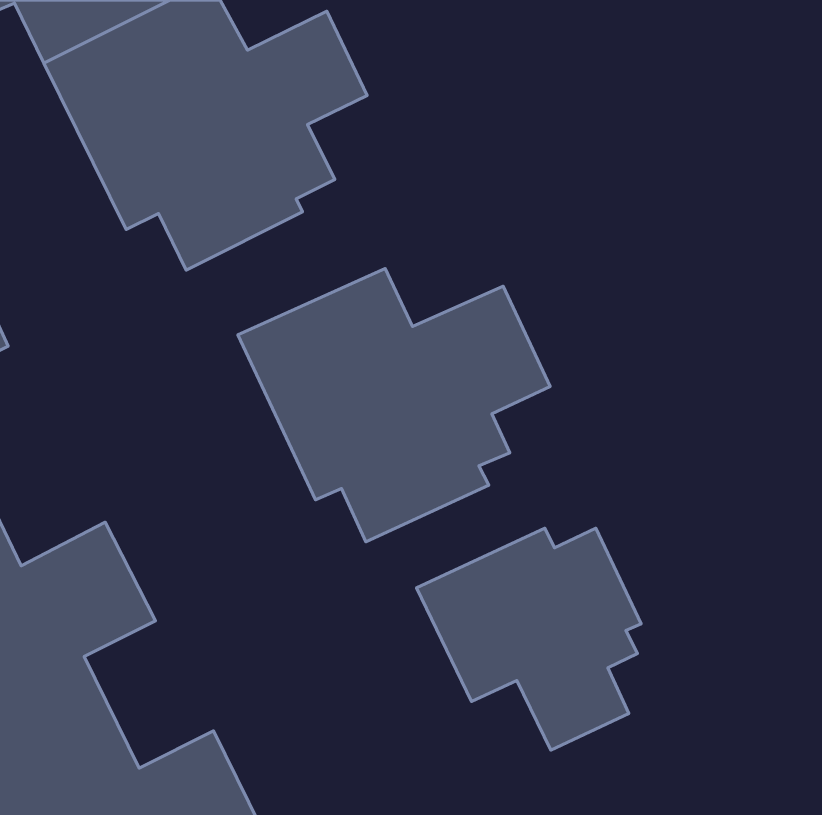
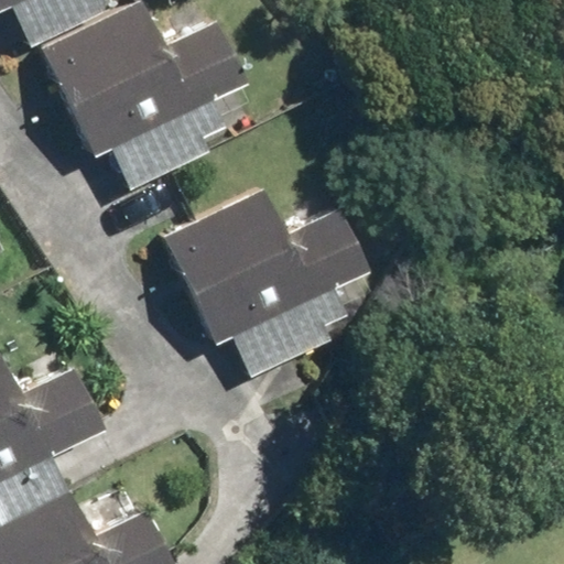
building: [416,528,641,750] -> none

